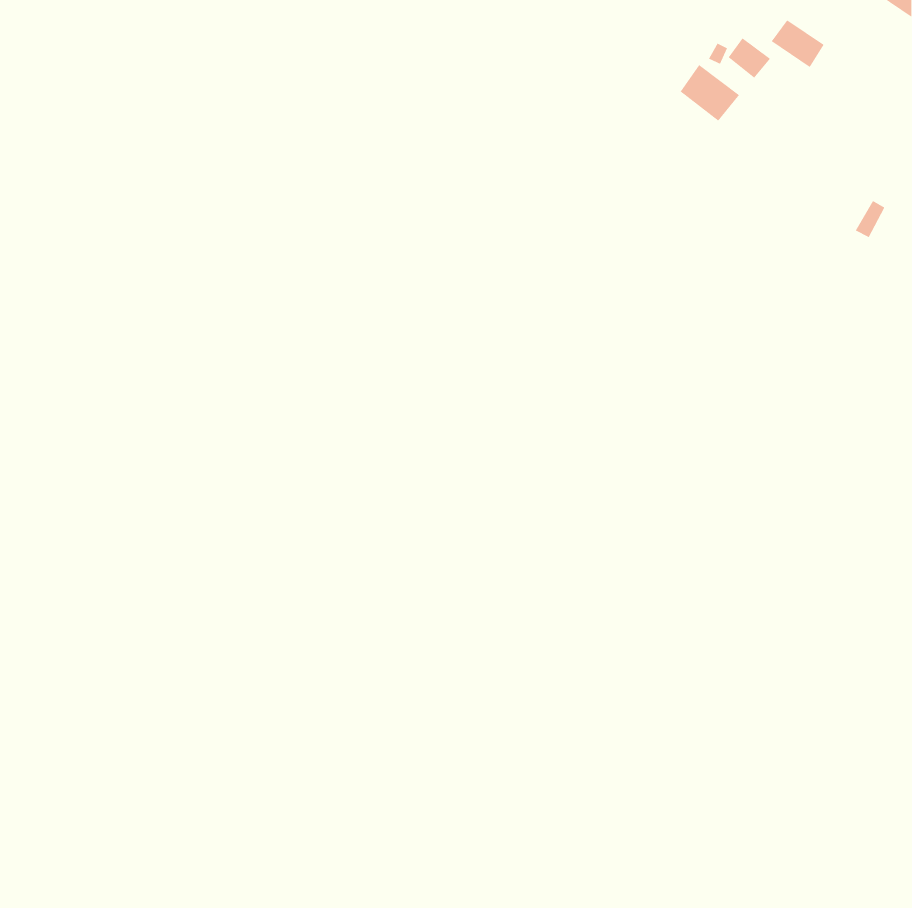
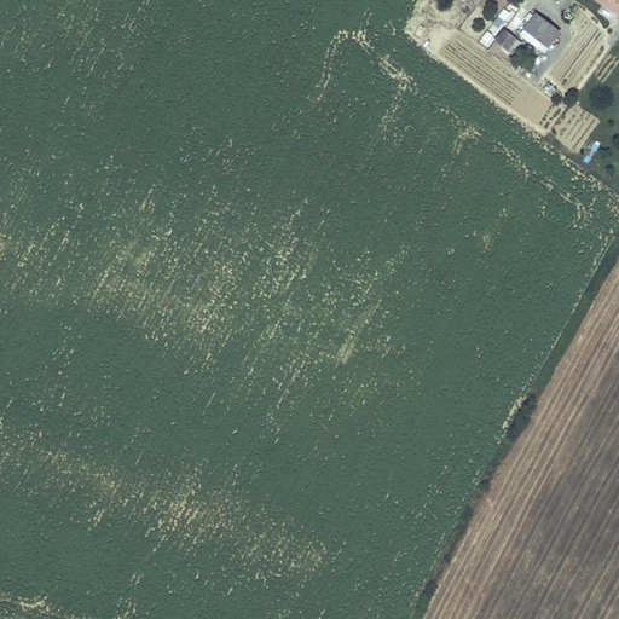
building: [680,64,740,121] -> none

